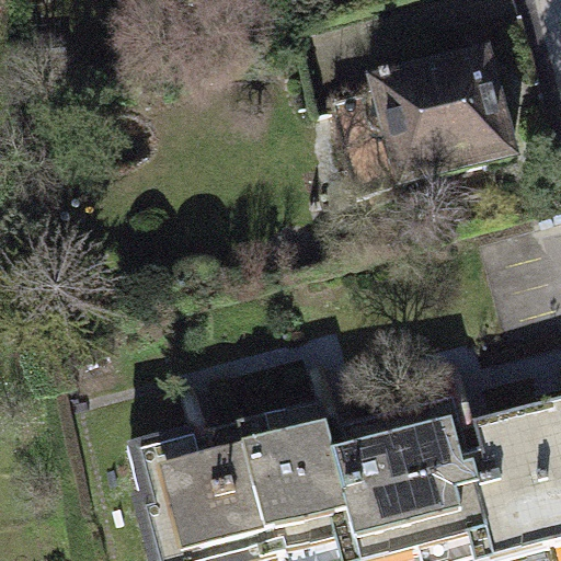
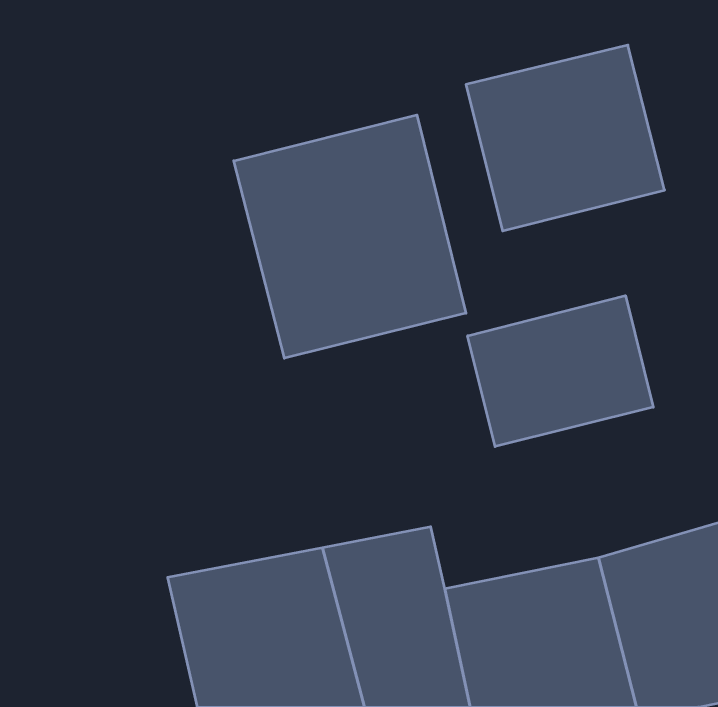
building: none -> [234,115,466,358]
building: none -> [468,296,653,447]

